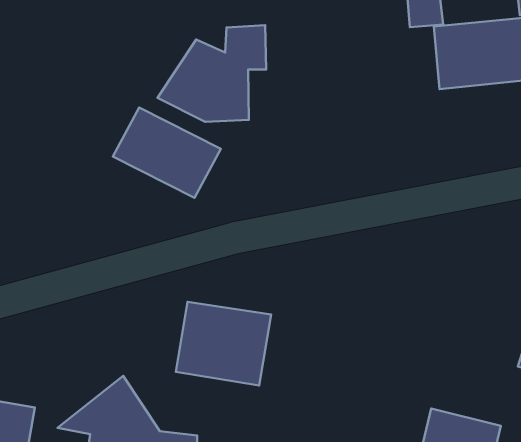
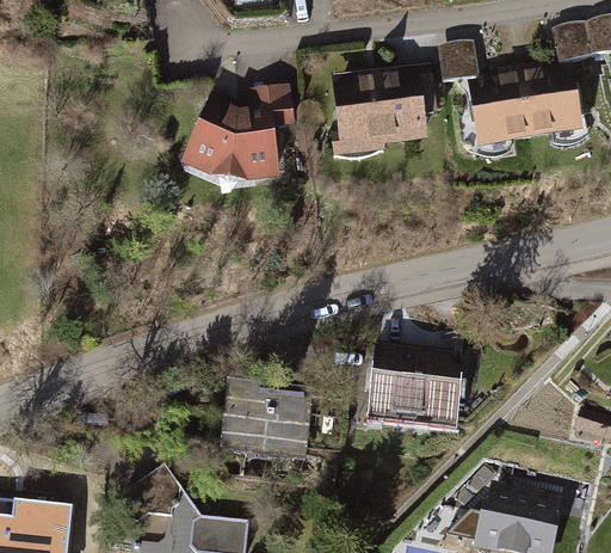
building: none -> [333,67,438,164]
building: [113,107,221,198] -> none
building: none -> [370,348,462,429]

